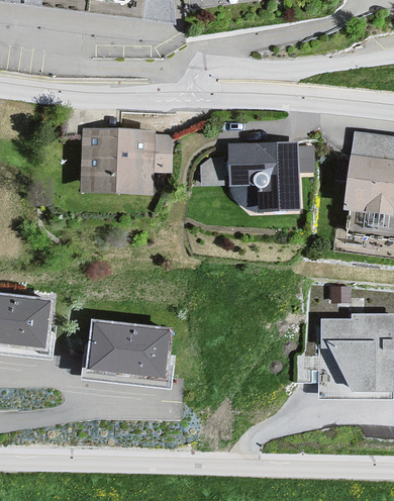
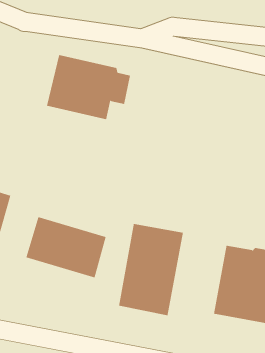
building: [229,141,300,211] -> none
building: none -> [118,223,183,316]

